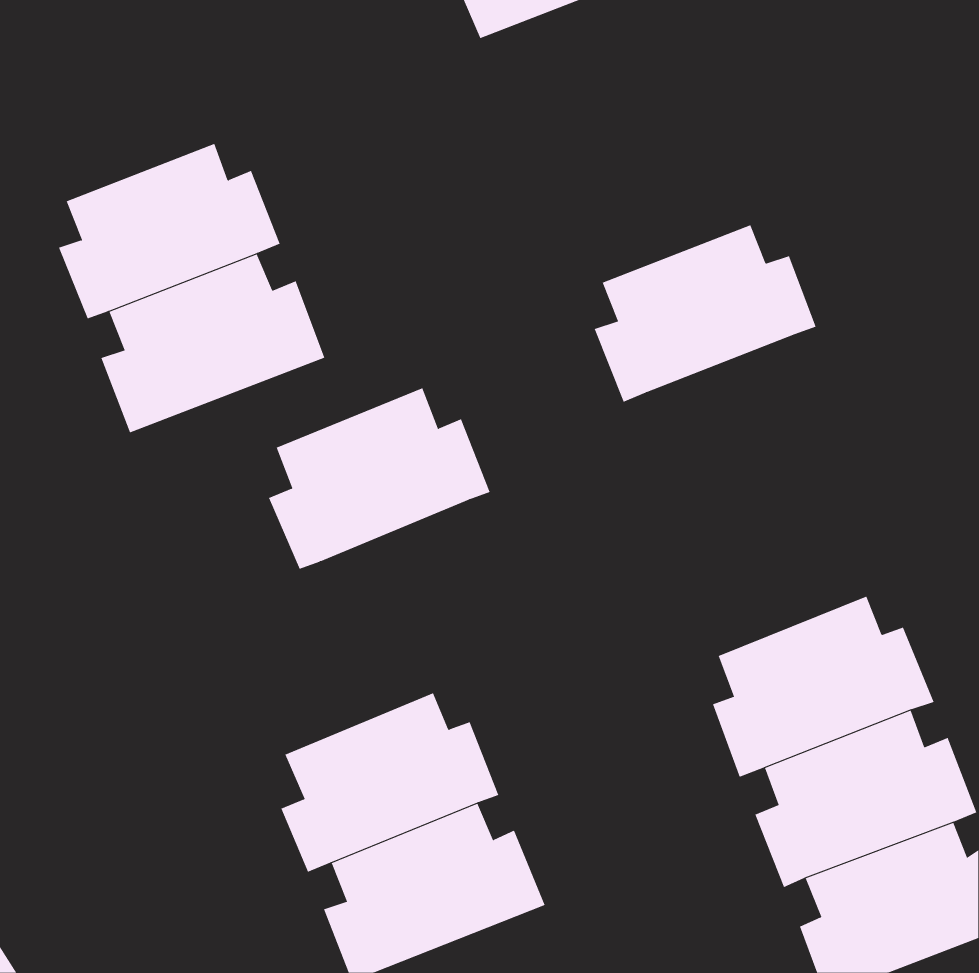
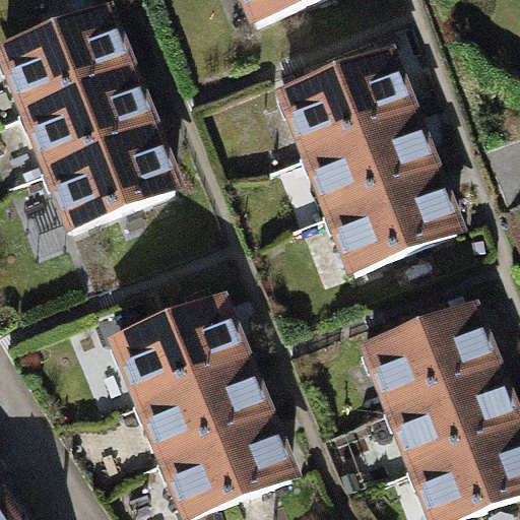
building: none -> [7,15,124,110]
building: none -> [288,58,406,152]
building: none -> [335,176,452,270]
building: [268,388,491,569] -> [122,305,239,400]

